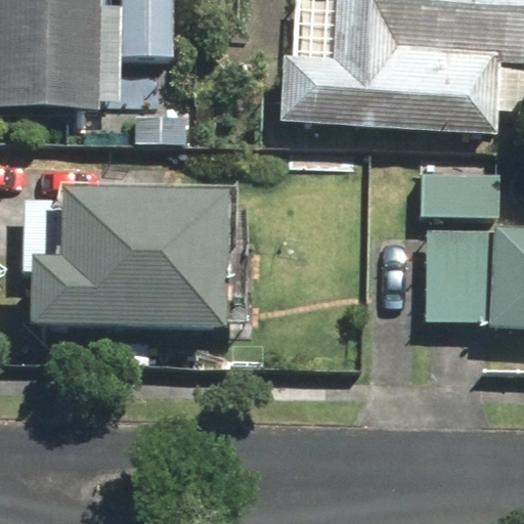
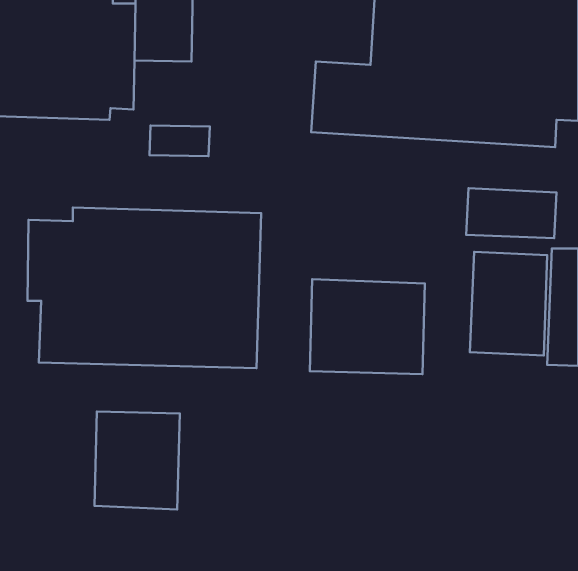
building: none -> [310,279,425,374]
building: none -> [94,411,180,509]

